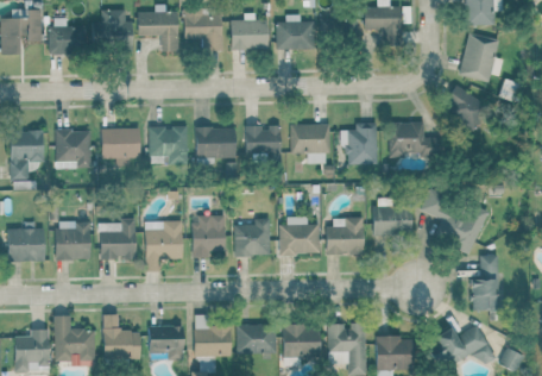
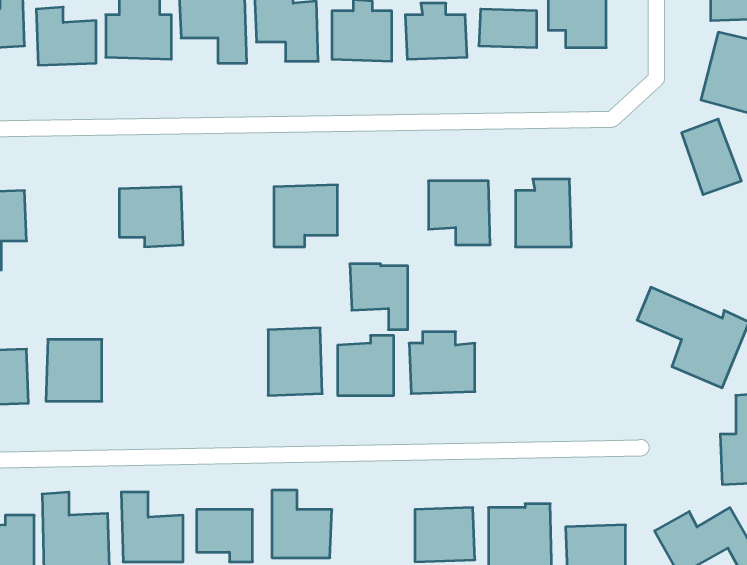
building: [389,121,426,158] -> none
building: [245,125,281,165] -> [350,264,408,330]
building: [150,126,189,163] -> none
building: [56,130,92,168] -> none
building: [373,206,412,234] -> none
building: [328,218,364,255] -> none
building: [100,220,137,258] -> none
building: [145,220,183,271] -> none
building: [237,324,277,353] -> none

